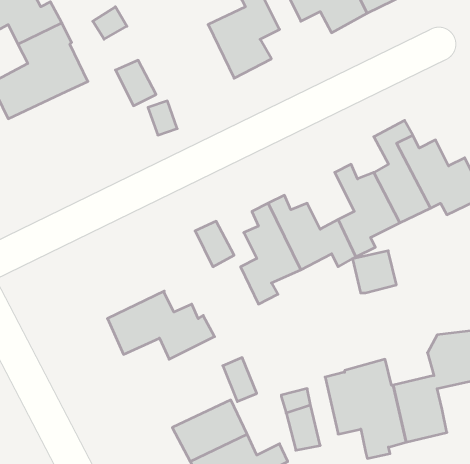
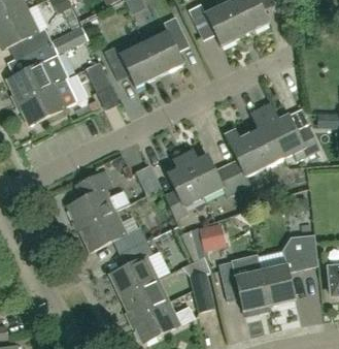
building: none -> [102,40,160,86]
building: none -> [16,83,75,124]
building: none -> [68,170,130,227]
building: [352,251,396,293] -> [197,224,225,251]
building: none -> [109,239,158,296]

